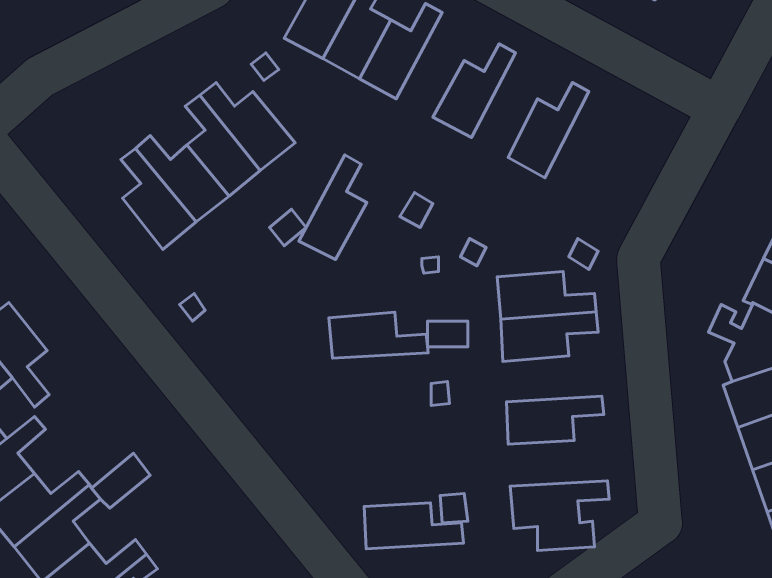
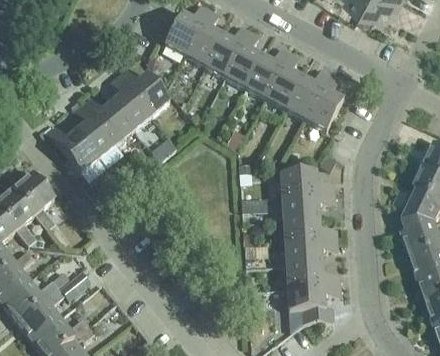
building: none -> [265,53,301,110]
building: none -> [305,74,342,132]
building: [299,155,367,260] -> [224,31,261,88]
building: none -> [46,127,97,174]
building: none -> [13,173,54,230]
building: [329,312,428,358] -> [282,218,336,243]
building: [364,503,463,549] -> [285,264,339,289]

